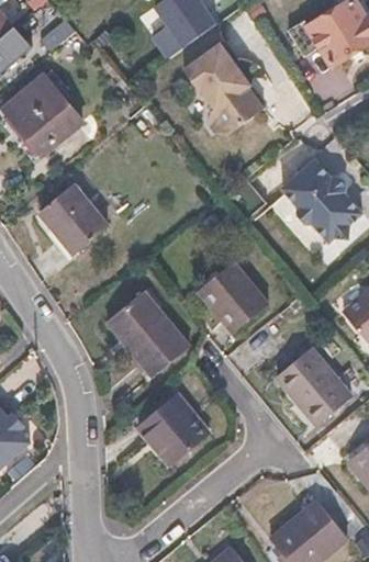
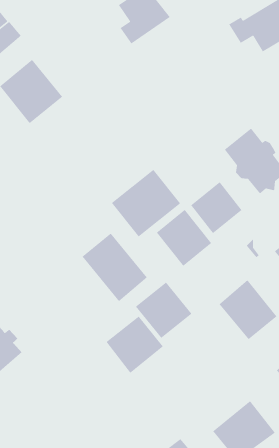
building: [185,44,264,134] -> none
building: [38,183,108,254] -> none
building: none -> [111,169,181,237]
building: none -> [190,181,242,234]
building: none -> [135,281,193,339]

